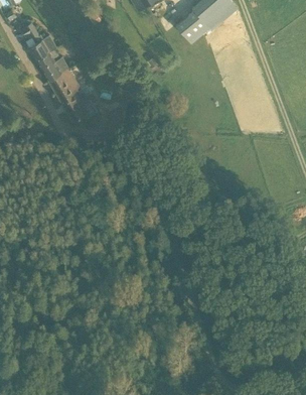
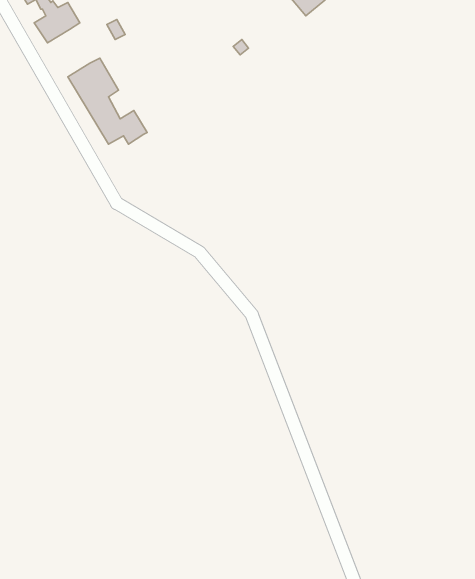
building: [35,47,60,76] -> none

